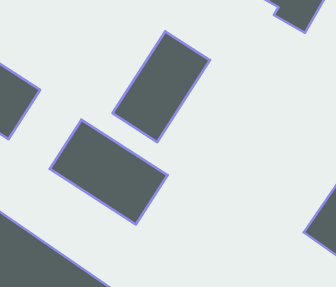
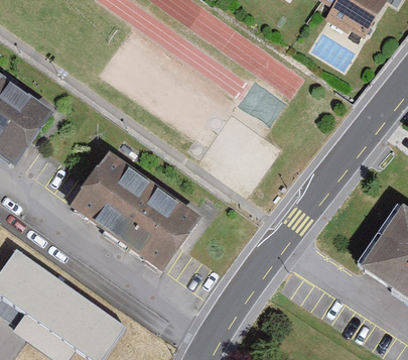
building: [113,31,210,142] -> none

